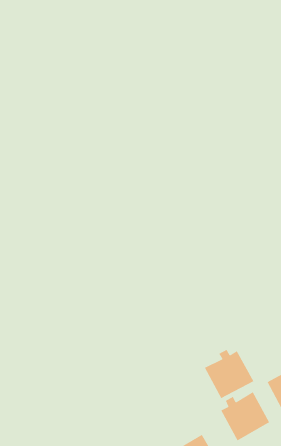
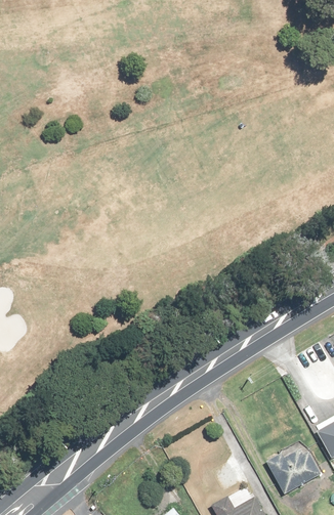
building: [204,349,254,399] -> none

